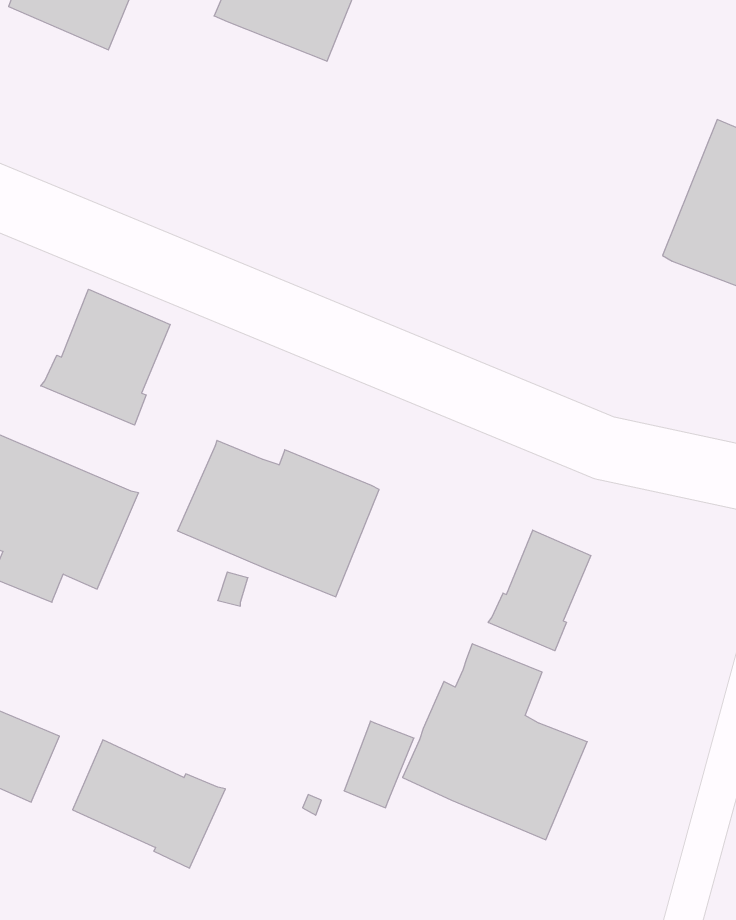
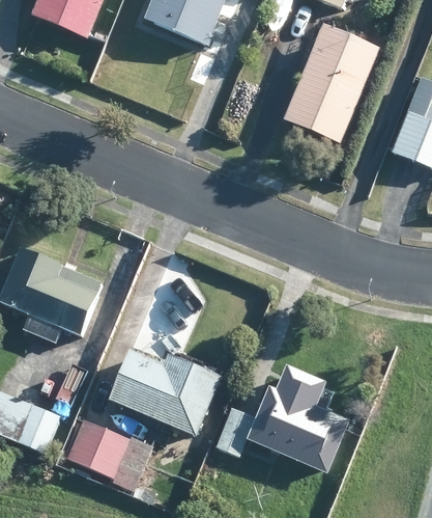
building: none -> [284,24,380,142]
building: [41,289,170,425] -> none
building: [177,440,379,597] -> [109,349,220,435]
building: [488,530,591,651] -> none

